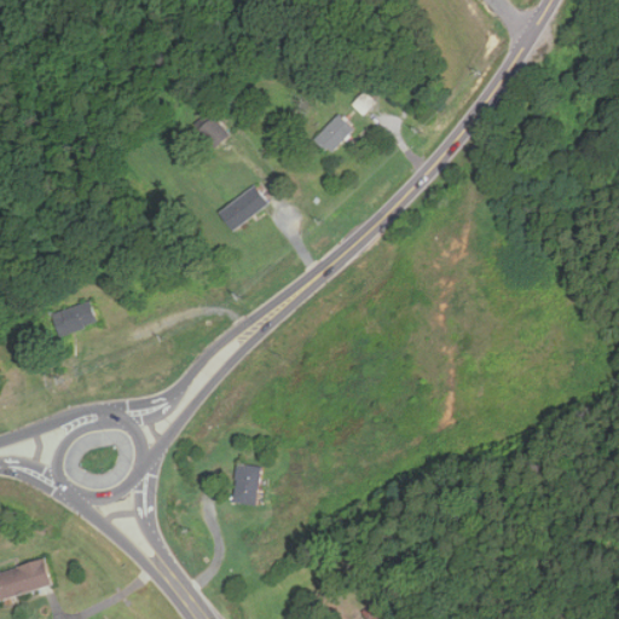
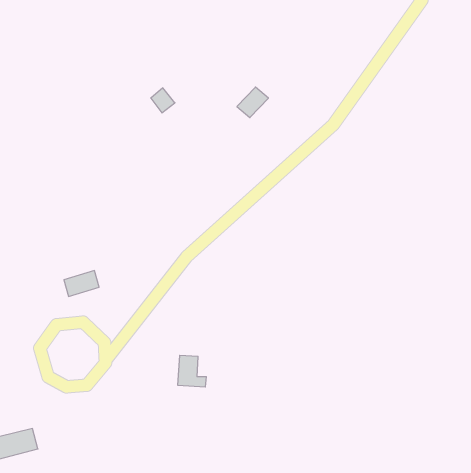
building: [218,185,267,231] -> none
building: [50,301,96,335] -> [64,271,99,296]

